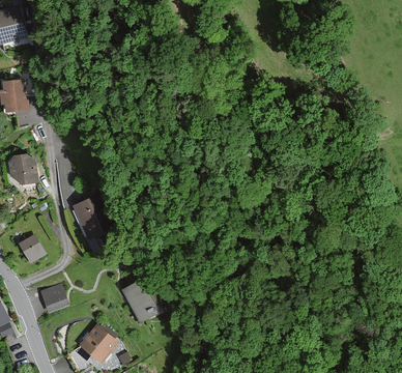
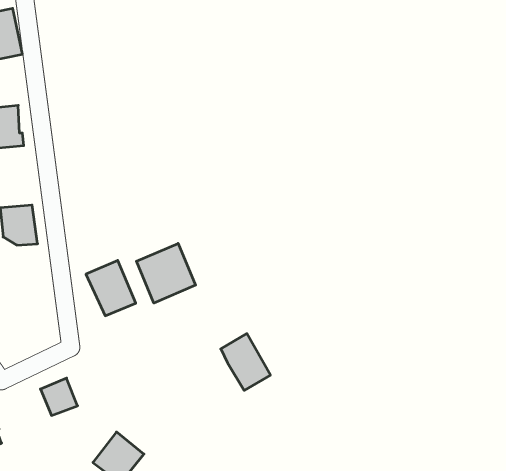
building: none -> [136,243,196,303]
building: [18,235,45,263] -> none
building: [121,279,159,321] -> [221,334,270,390]

